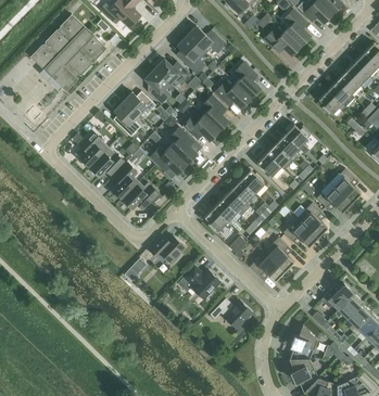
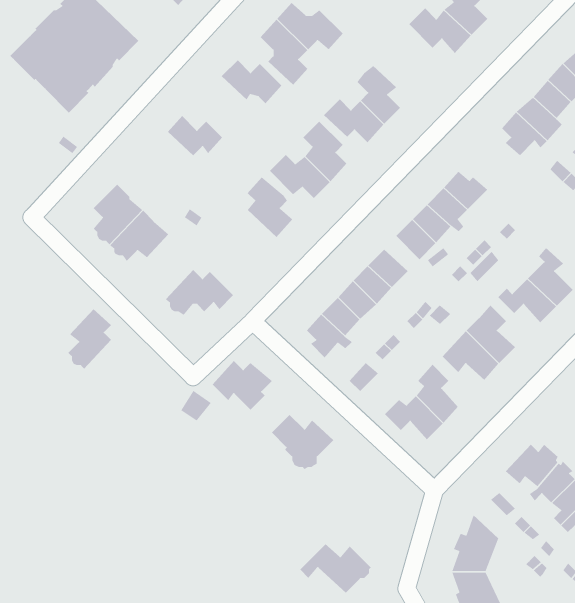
building: [144,68,170,104] -> none
building: [114,101,140,136] -> none
building: [150,146,187,174] -> none
building: [112,163,138,199] -> [67,308,112,370]
building: [210,298,252,328] -> [299,544,372,594]

